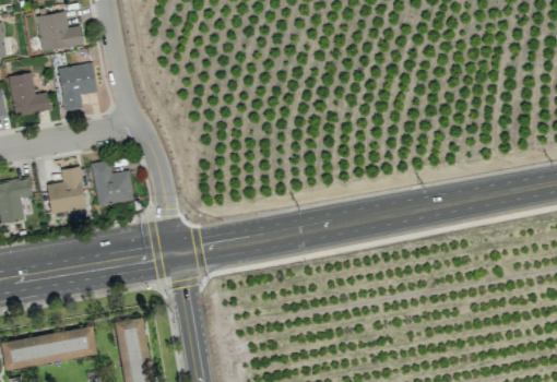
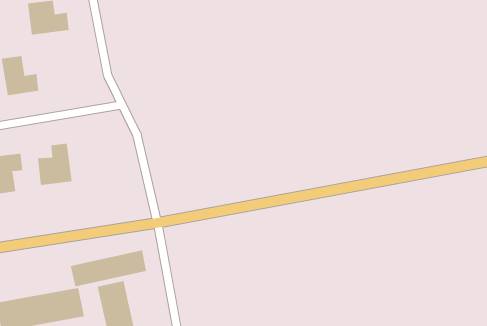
building: [57,62,97,111] -> none
building: [92,160,132,204] -> none
building: none -> [70,249,147,287]

